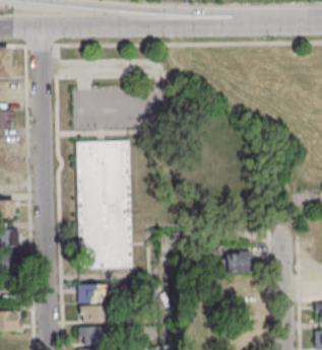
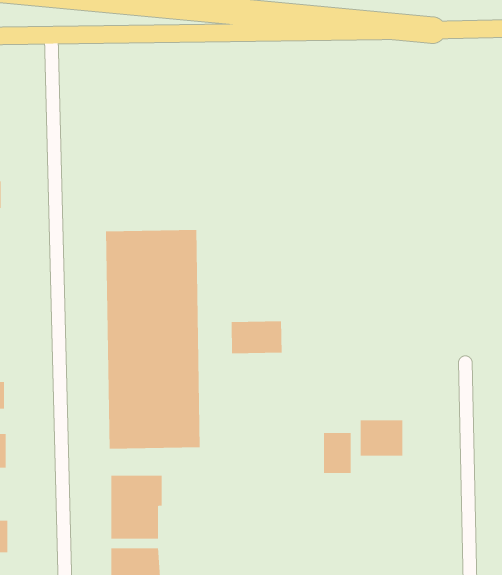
building: none -> [231,321,282,354]
building: none -> [324,432,351,474]

